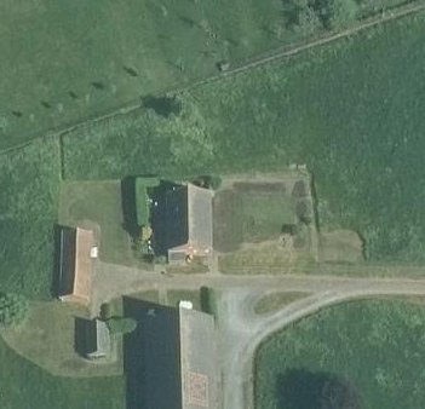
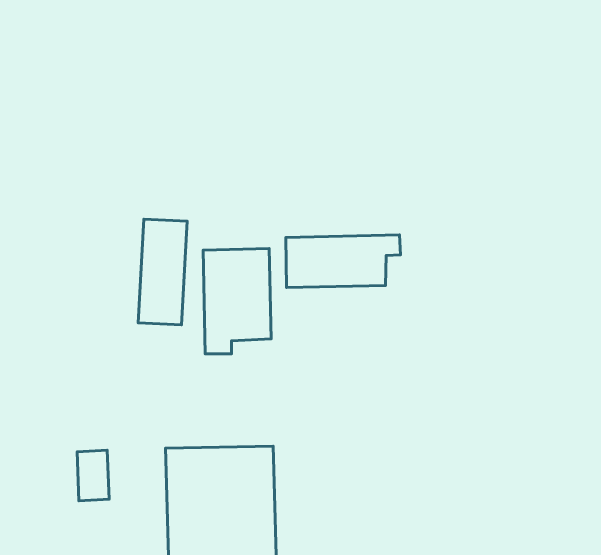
building: none -> [286,235,401,288]
building: [59,229,91,296] -> [138,219,187,325]

